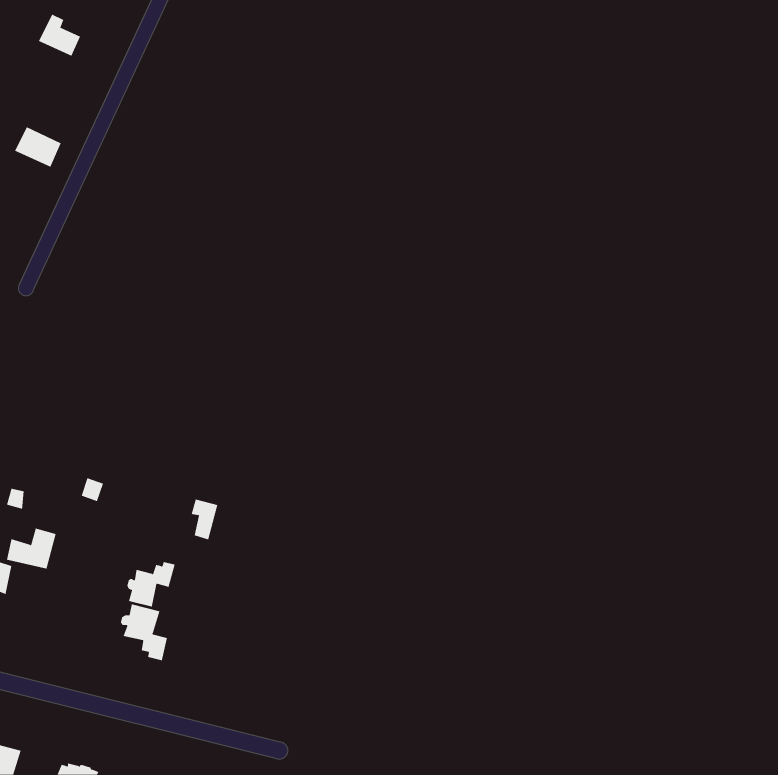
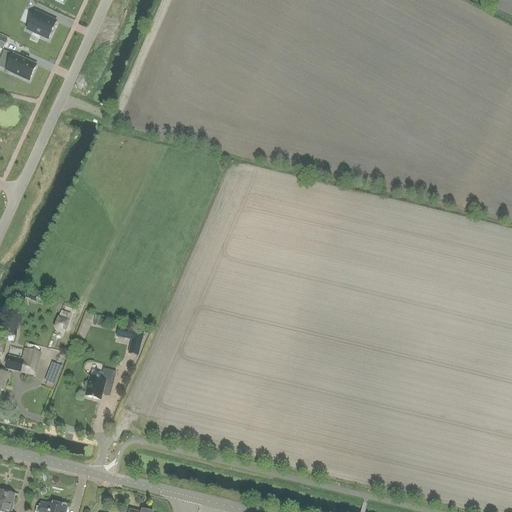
building: [14,126,62,168] -> [4,52,35,79]
building: [120,604,168,661] -> none

